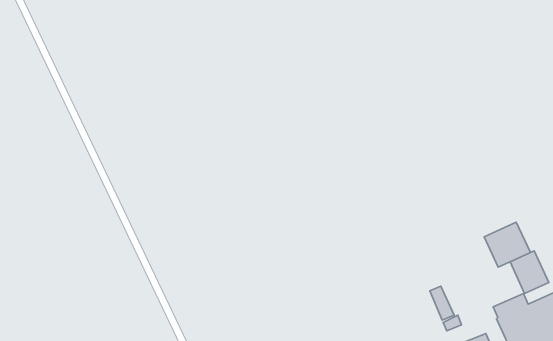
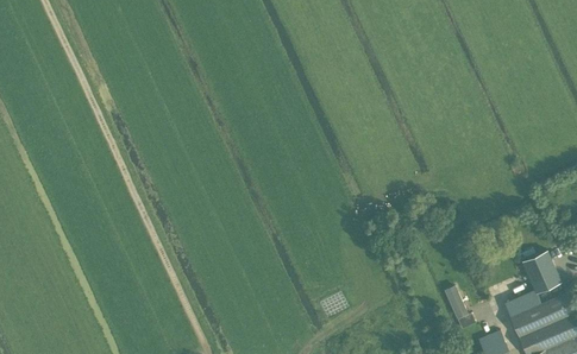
building: [484,222,530,267] -> none

